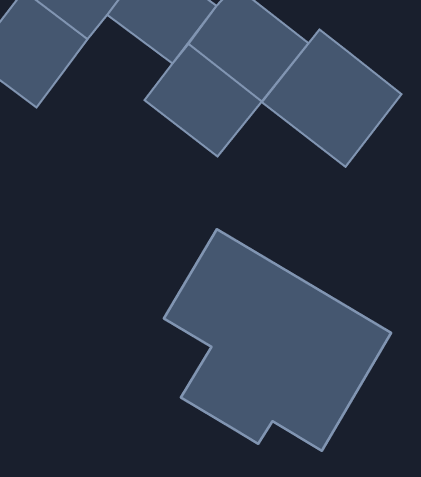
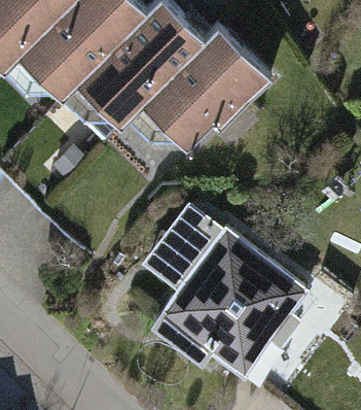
building: none -> [82,38,172,127]
building: [262,29,401,167] -> none

